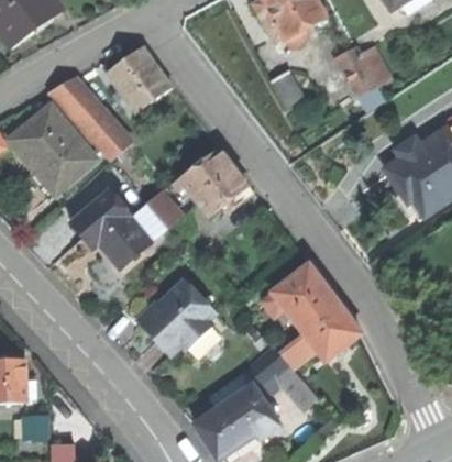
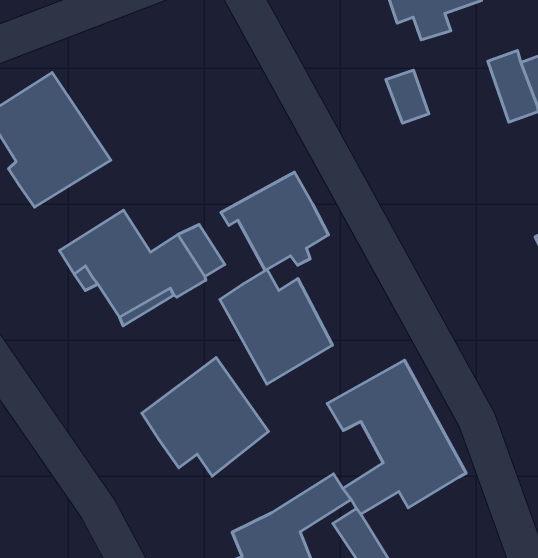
building: [109,47,173,111] -> none
building: [49,78,130,161] -> none
building: none -> [220,269,332,384]

